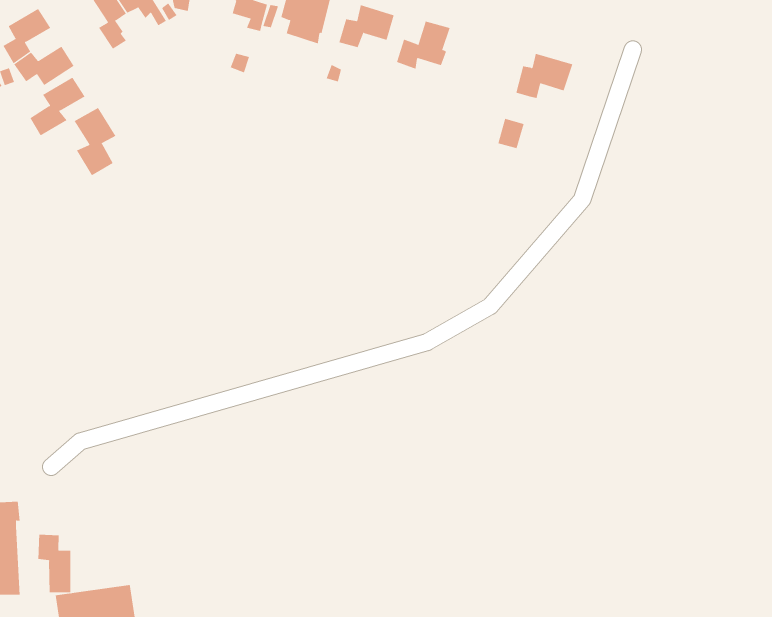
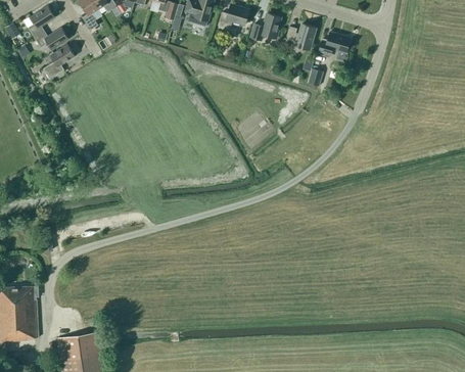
building: none -> [285,24,316,50]
building: [74,107,116,176] -> none
building: [38,534,71,593] -> none

